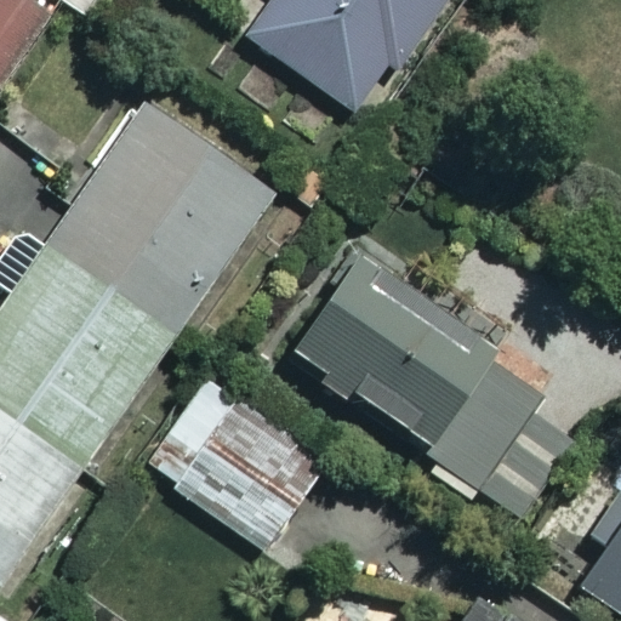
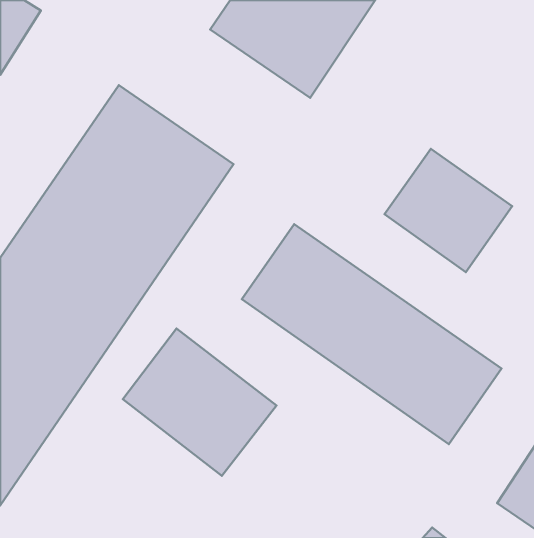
building: none -> [384,149,512,272]

